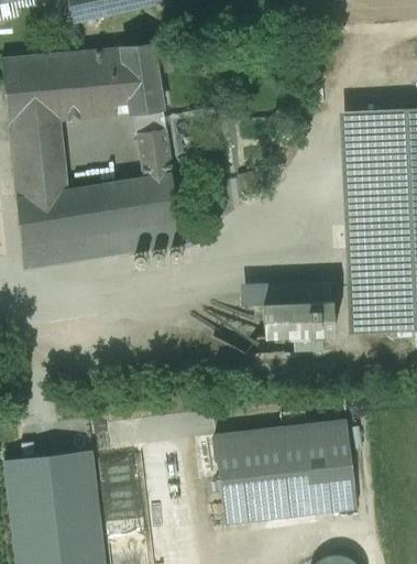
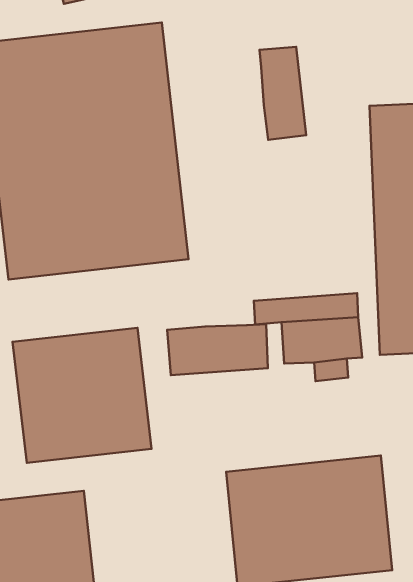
building: none -> [259,47,306,140]
building: none -> [167,324,268,375]
building: none -> [13,328,152,463]

